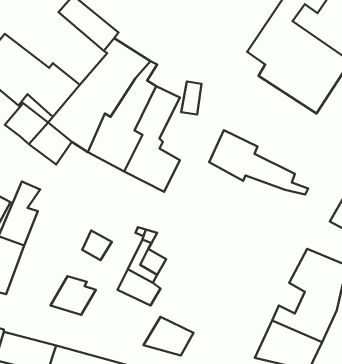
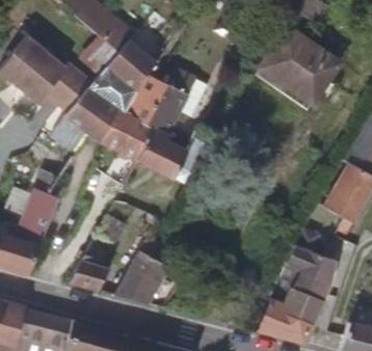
building: [209,130,308,194] -> none
building: [143,317,193,355] -> [114,271,160,306]

